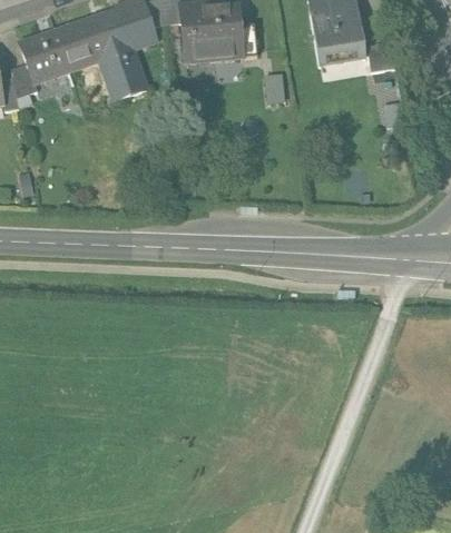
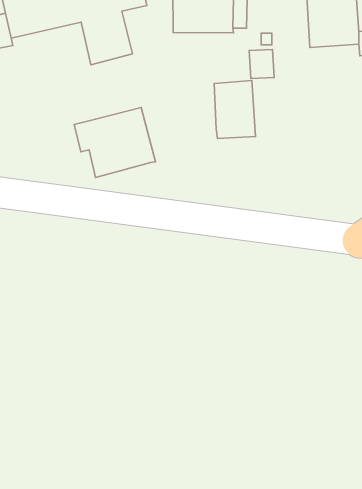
building: none -> [214,81,256,139]
building: none -> [74,107,155,177]

